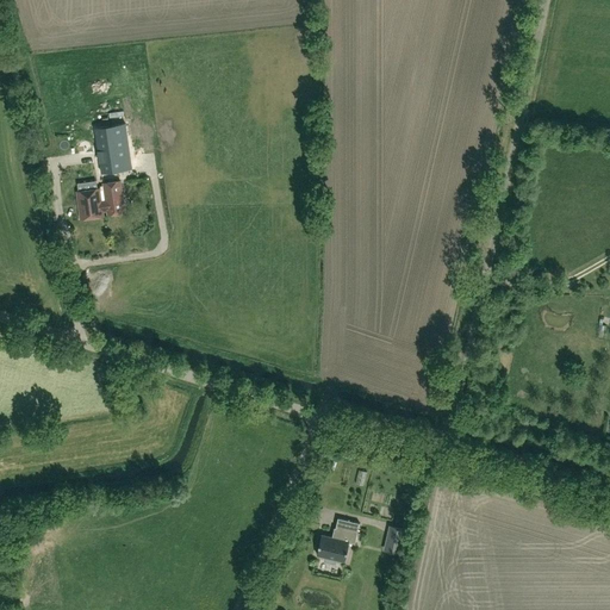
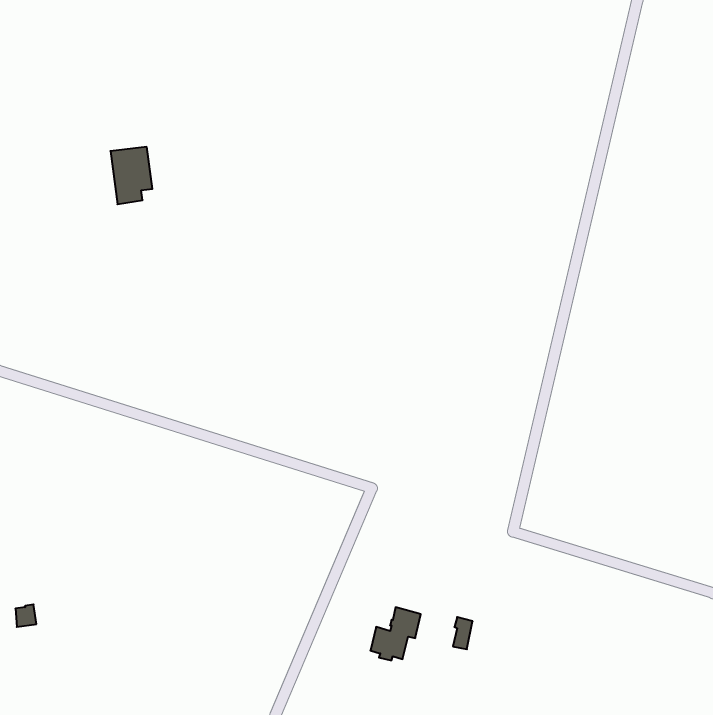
building: [75,181,123,218] -> none

